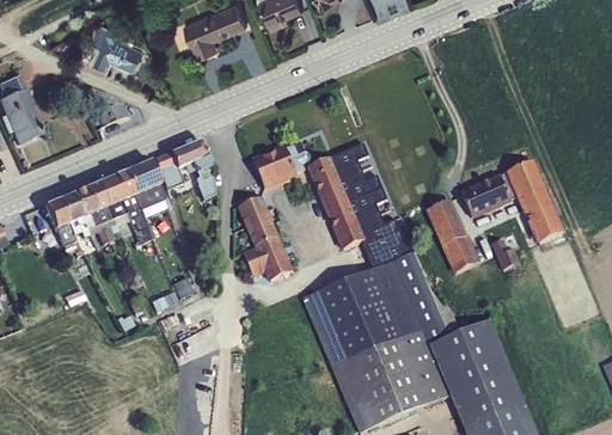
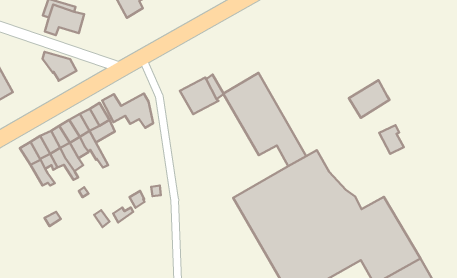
building: [170,140,207,167] -> none
building: [501,160,565,244] -> none
building: [238,196,294,281] -> none
building: [427,200,479,274] -> none

